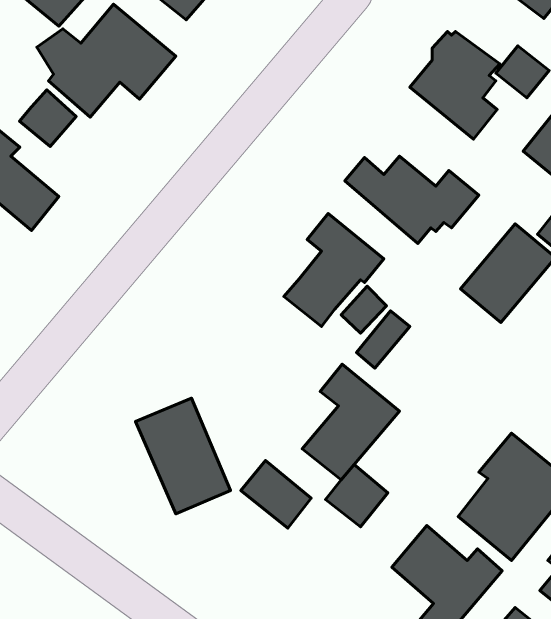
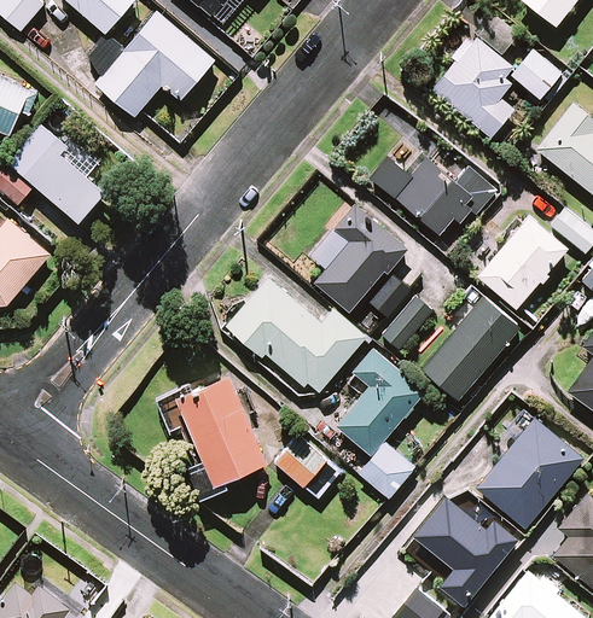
building: [20,90,76,146] -> none
building: none -> [225,273,366,396]
building: none -> [422,297,518,398]

